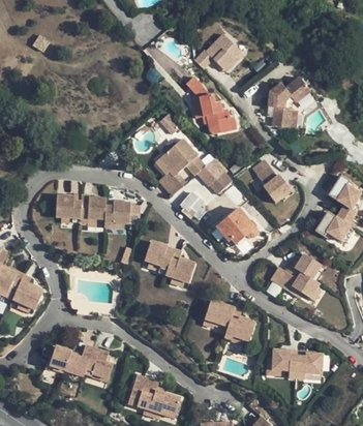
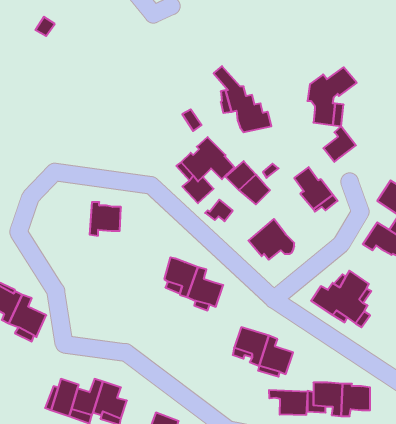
building: [192,33,244,72] -> none
building: none -> [323,126,356,162]
building: [55,192,82,221] -> none
building: [104,199,130,227] -> none
building: none -> [269,390,307,415]

